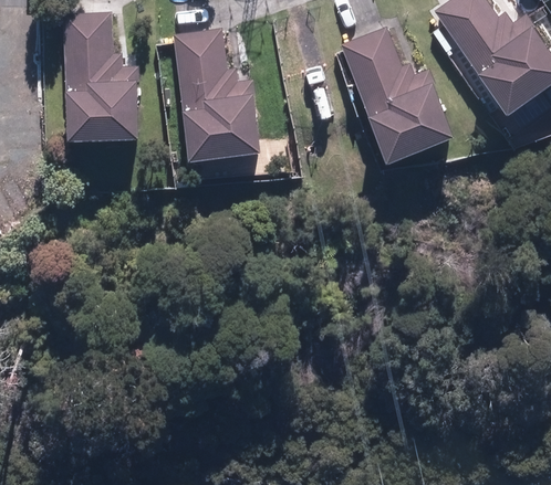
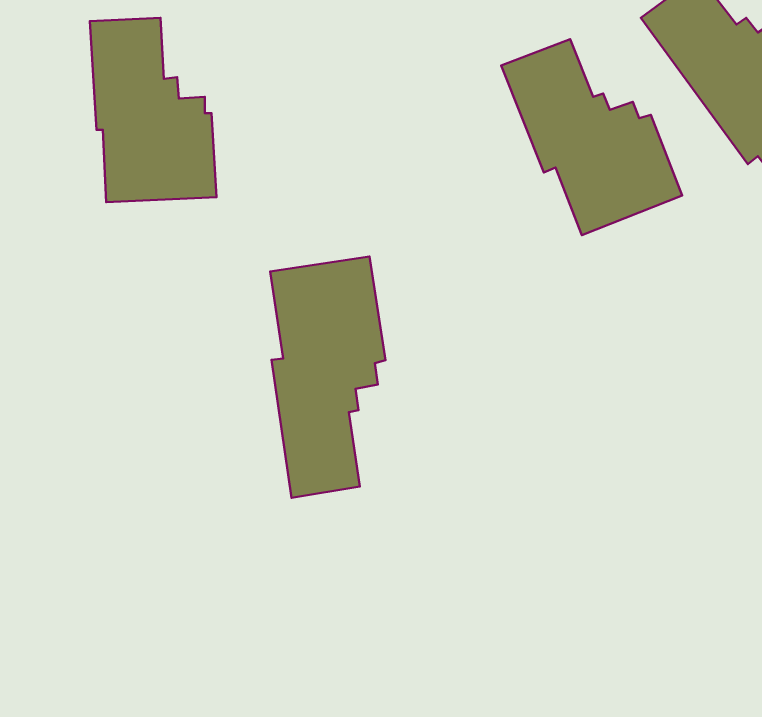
building: [171,31,268,158] -> none
building: none -> [270,256,386,498]

